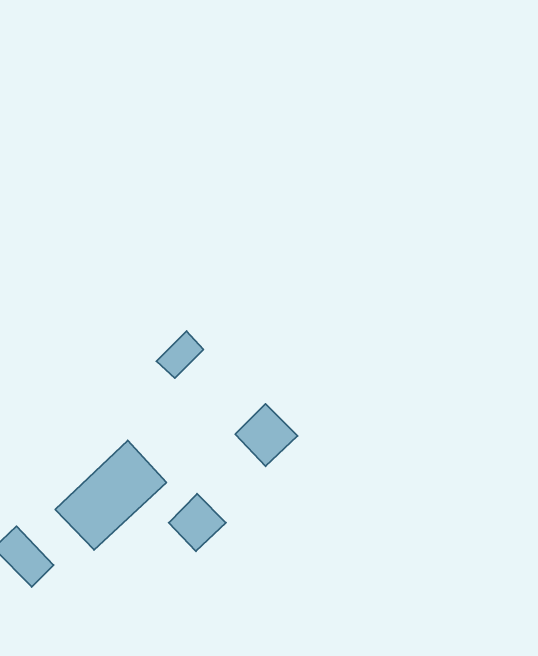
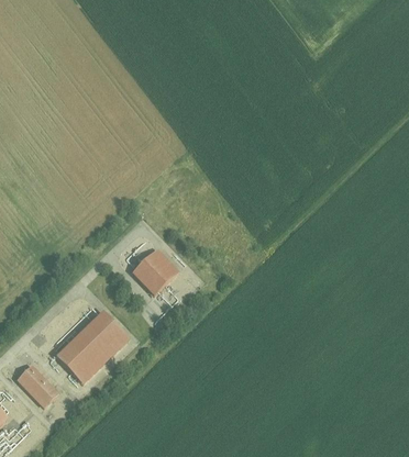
building: [235,404,298,466] -> [136,253,177,293]
building: [169,494,226,551] -> none

